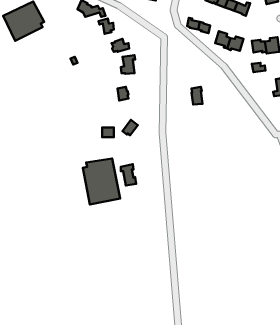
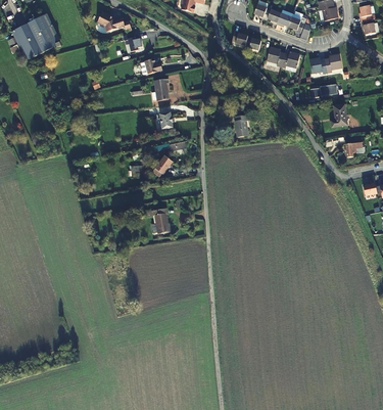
building: [83,158,120,204] -> none

